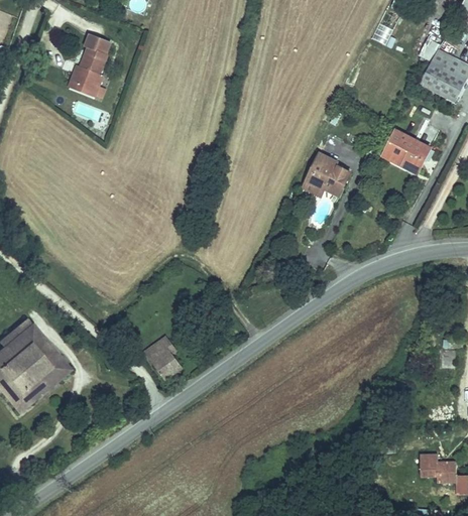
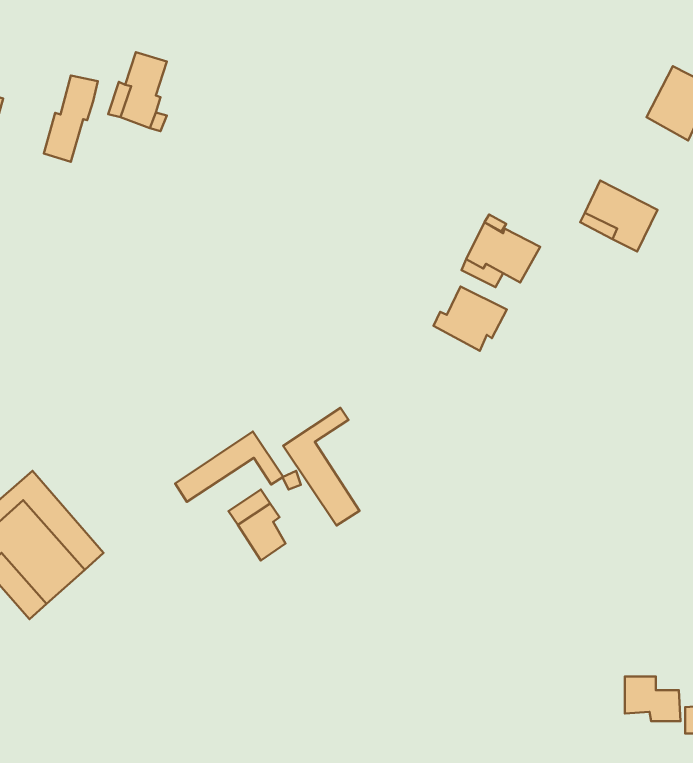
building: none -> [44,75,98,162]
building: none -> [434,287,507,351]
building: none -> [283,408,359,526]
building: none -> [175,432,283,502]

